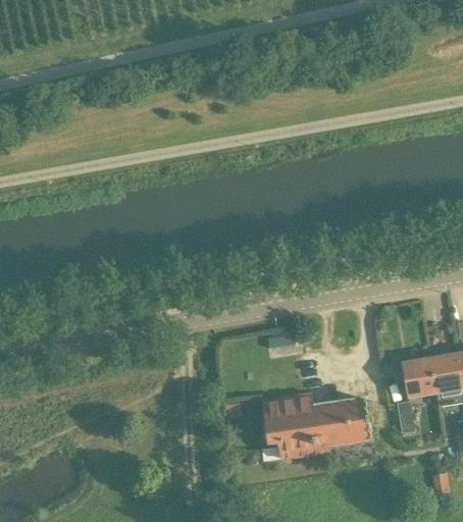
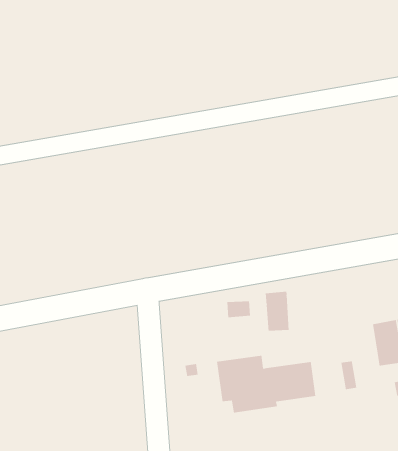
building: none -> [265,291,289,331]
building: [403,359,435,396] -> none

